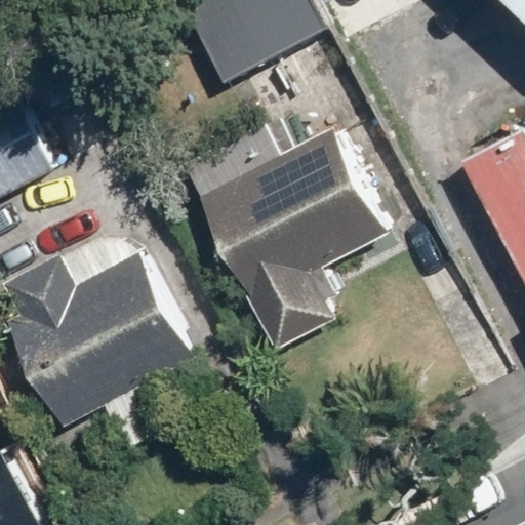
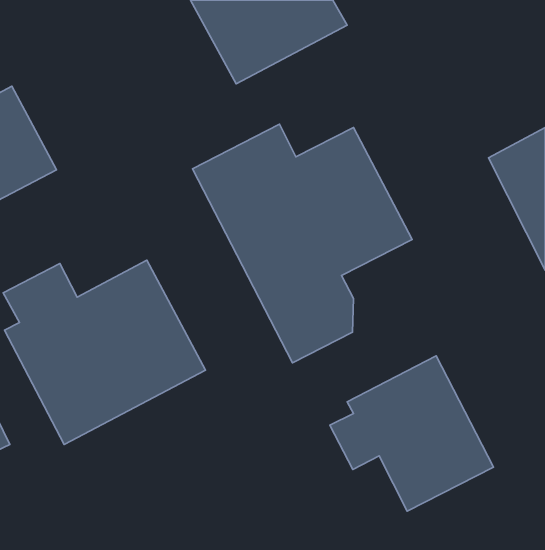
building: none -> [330,356,494,511]

